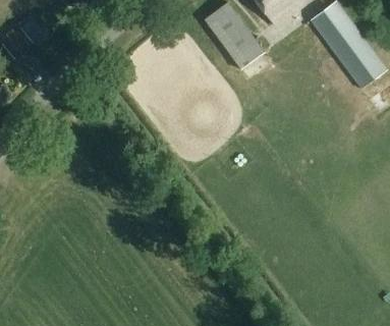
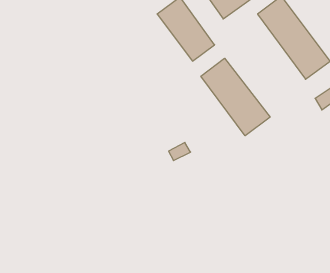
building: none -> [201,58,270,136]

